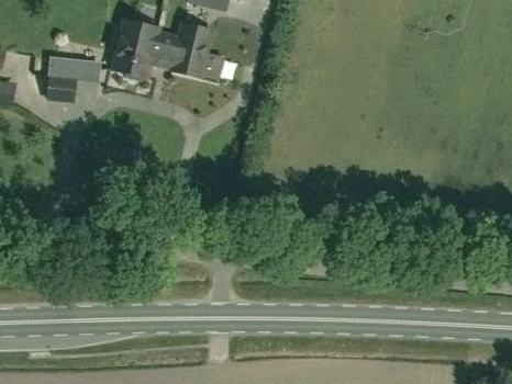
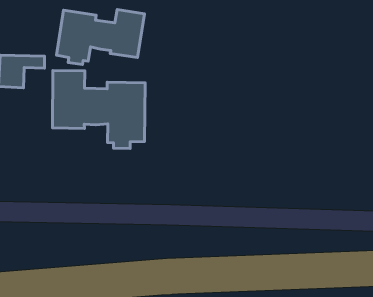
building: none -> [52,71,145,148]

